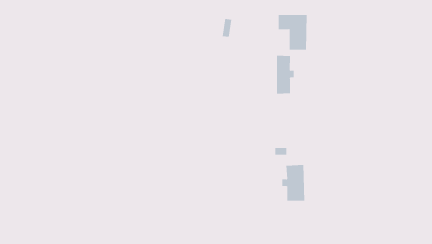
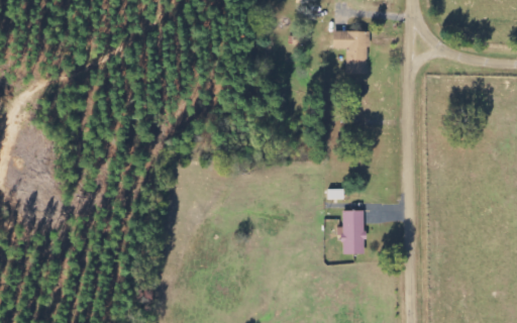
building: [276,55,294,94] -> none

